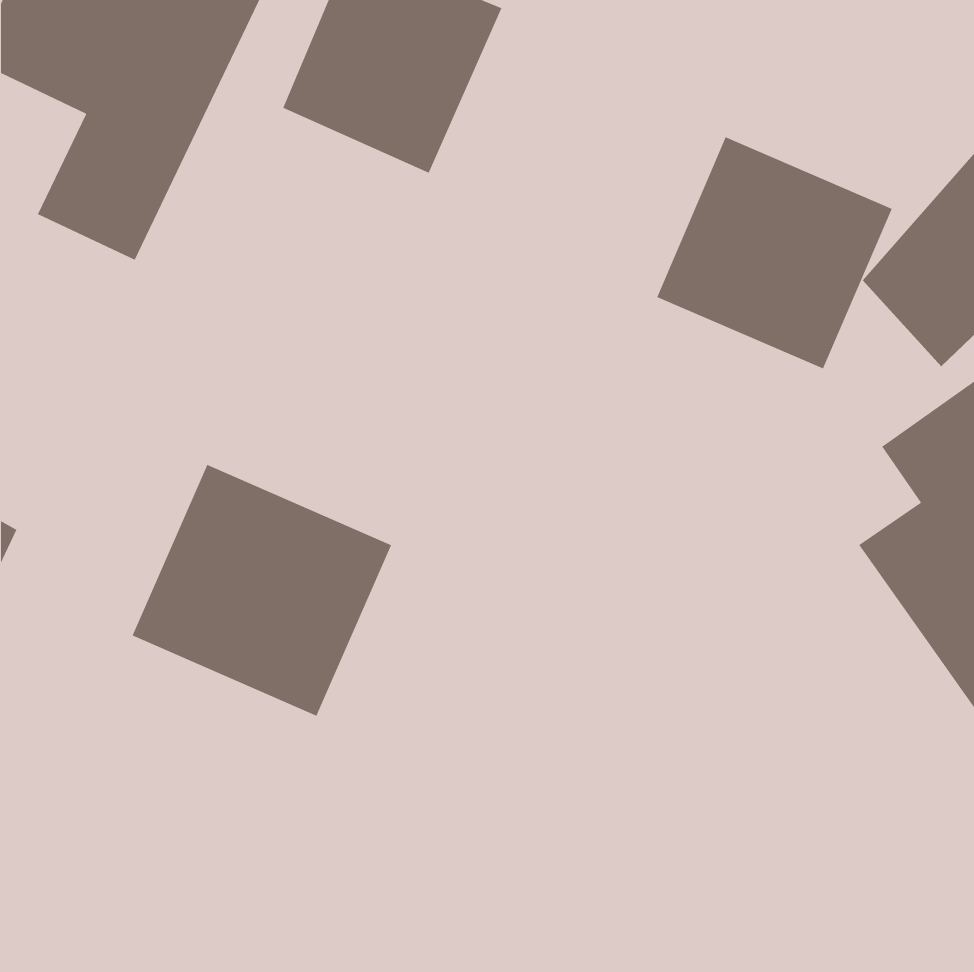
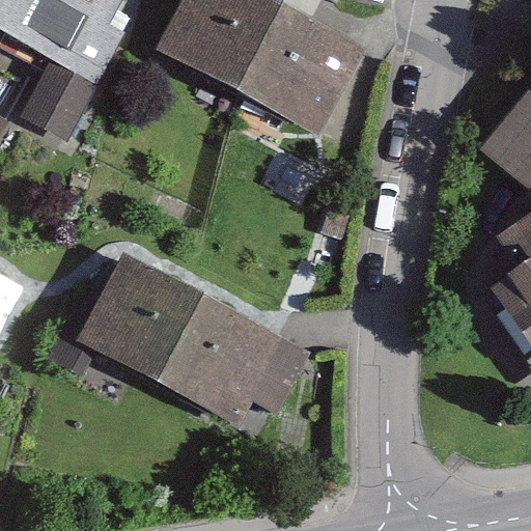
building: none -> [237,4,356,128]
building: [656,136,893,369] -> none
building: none -> [177,292,318,428]

